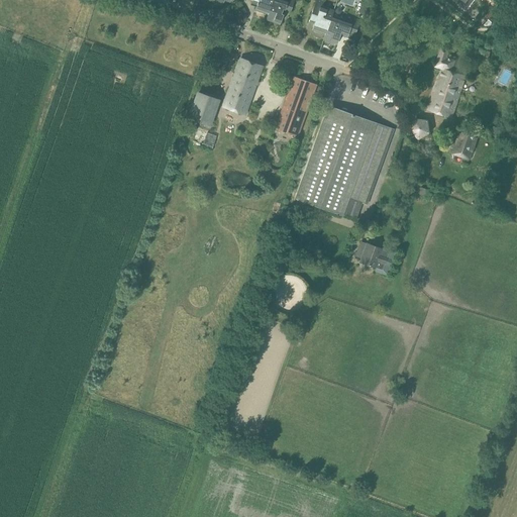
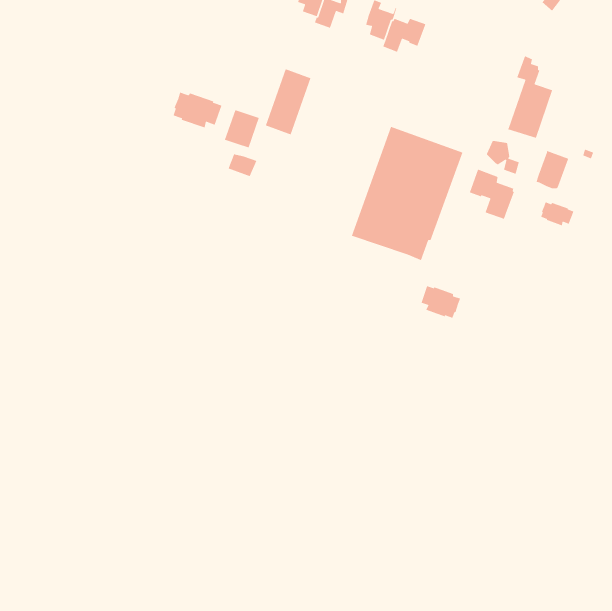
building: [276,77,316,135] -> none
building: none -> [173,91,223,129]
building: none -> [469,169,515,220]
building: none -> [540,201,574,226]

